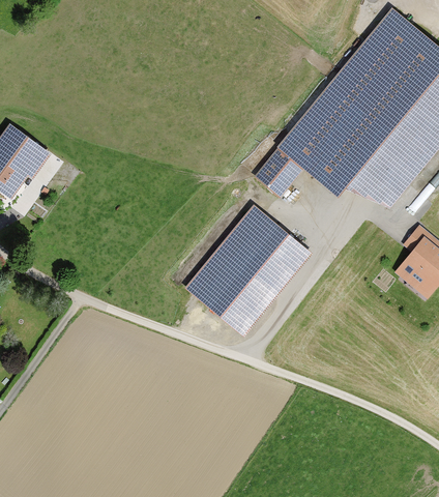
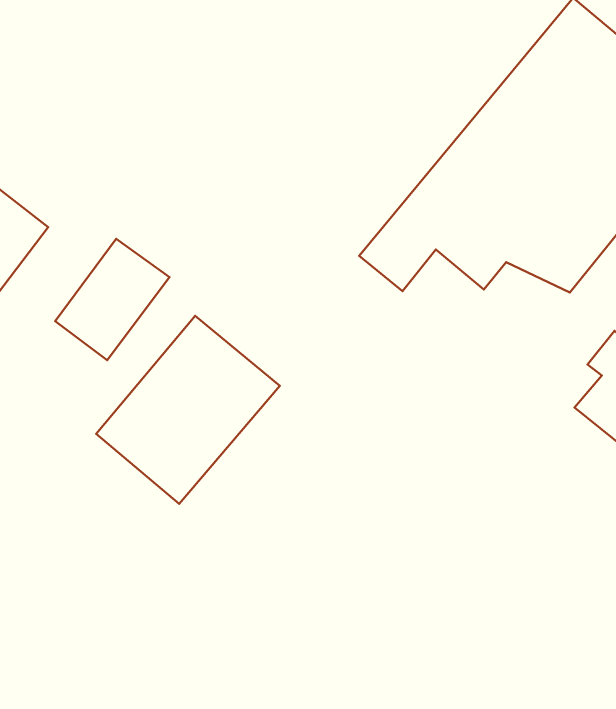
building: none -> [55,239,170,360]
building: [191,208,310,330] -> [96,316,280,504]

